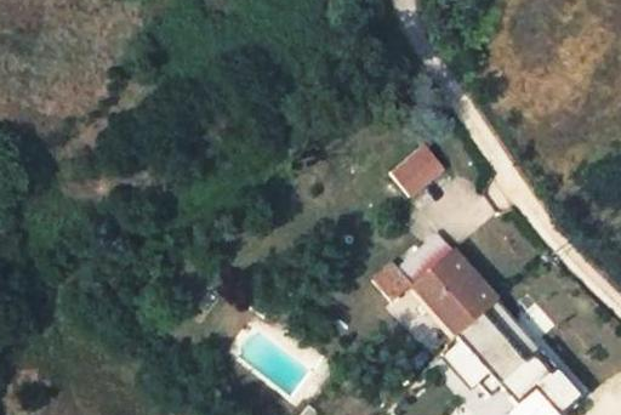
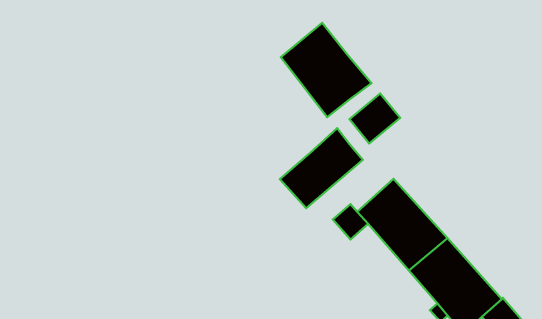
building: none -> [281,23,372,117]
building: none -> [280,128,363,208]

